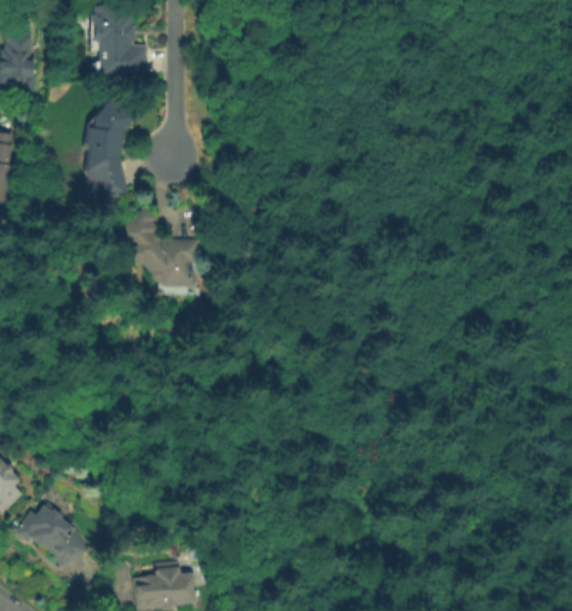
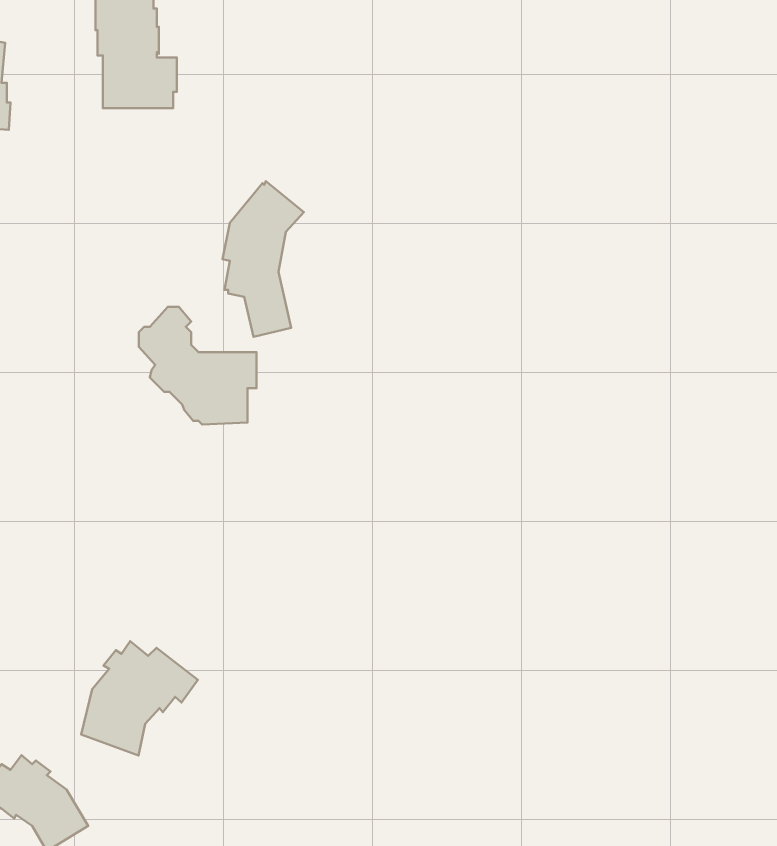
building: [82,98,136,200] -> [223,181,304,337]
building: none -> [81,641,198,755]

